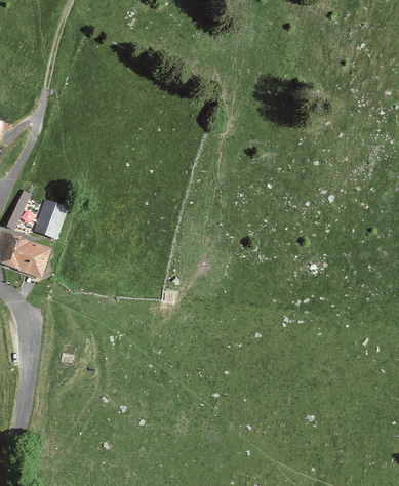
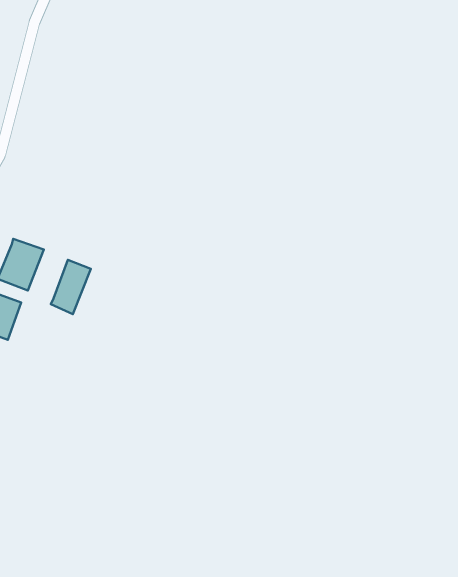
building: none -> [51,260,91,314]

